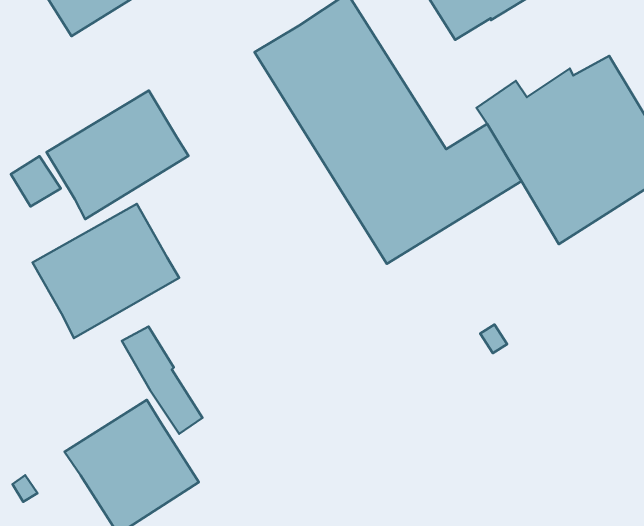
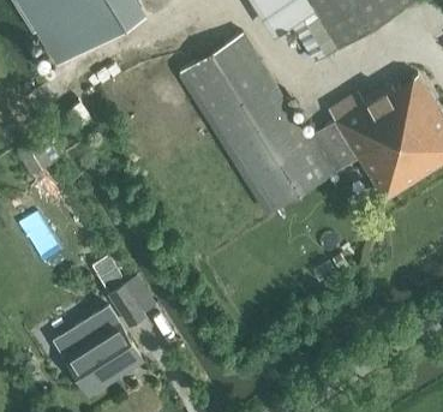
building: [47,91,189,219] -> none
building: [33,204,179,338] -> none

